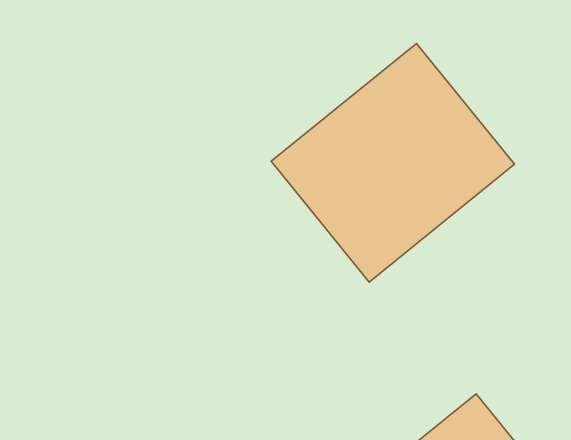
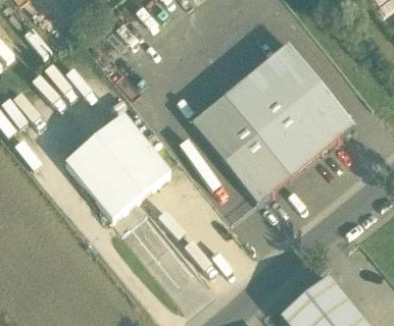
building: none -> [65,113,170,218]

